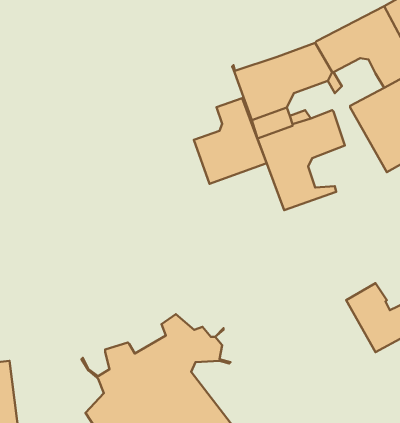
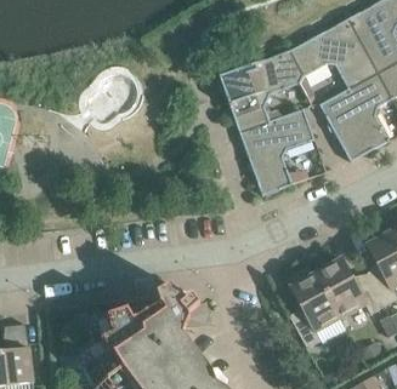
building: [194,98,266,184] -> none
building: none -> [290,271,341,347]

